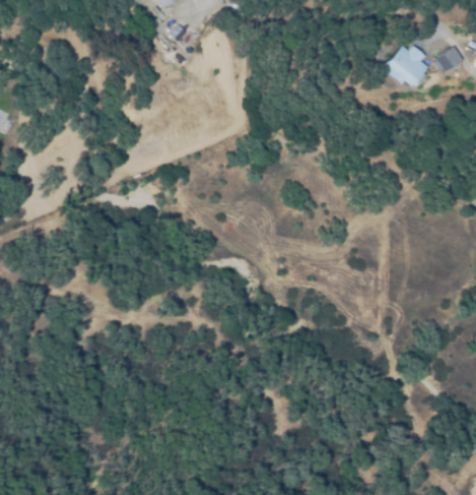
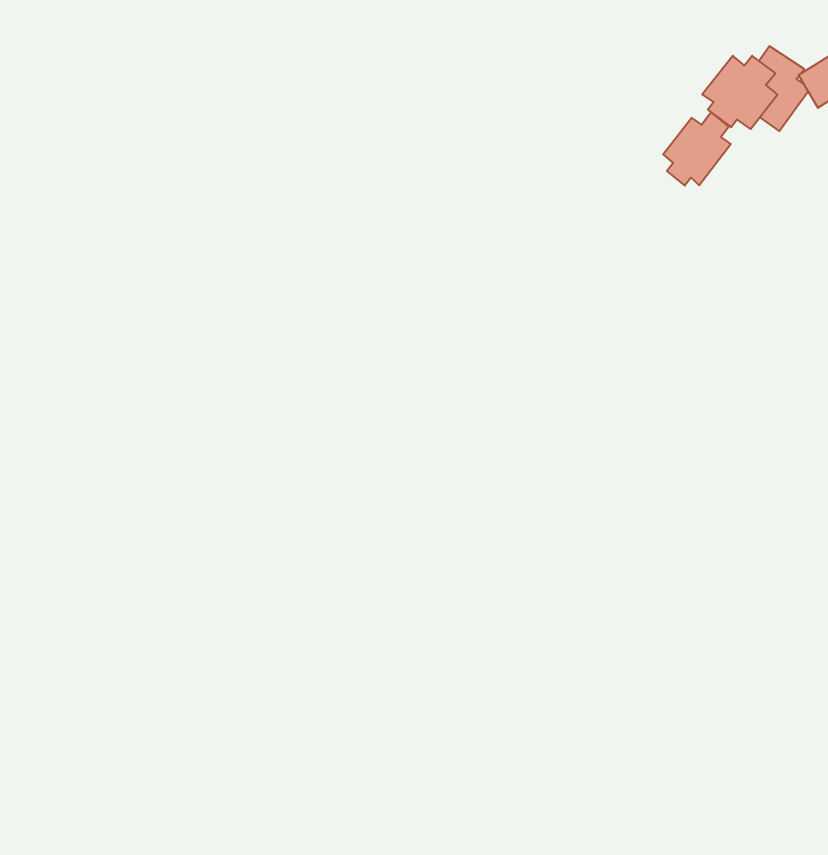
building: none -> [663,112,731,186]

